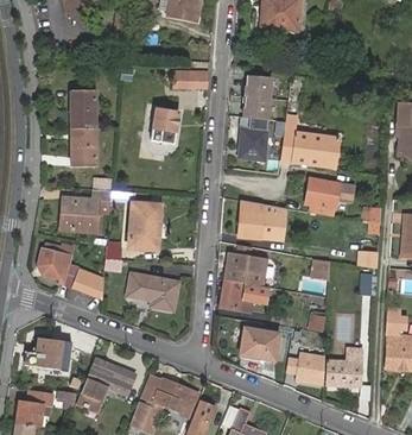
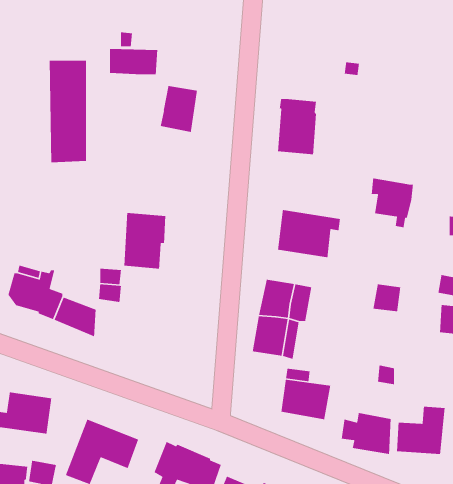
building: [173,68,210,88] -> [109,48,158,75]
building: [246,76,274,120] -> none
building: [283,114,340,166] -> none
building: [61,189,112,229] -> none
building: [127,271,178,308] -> none

